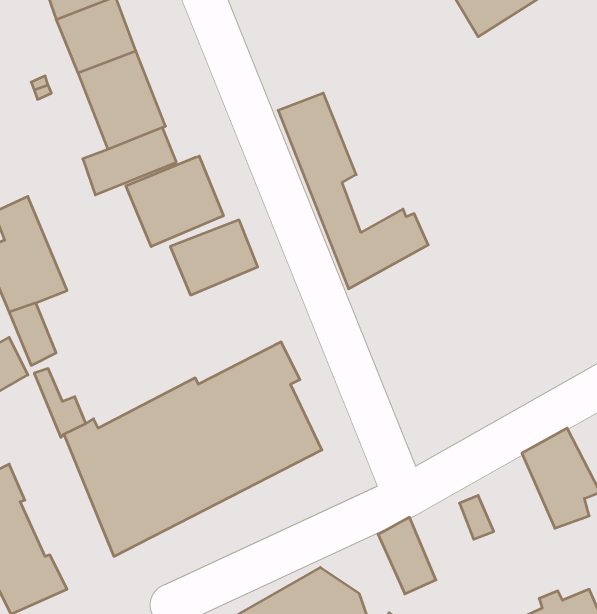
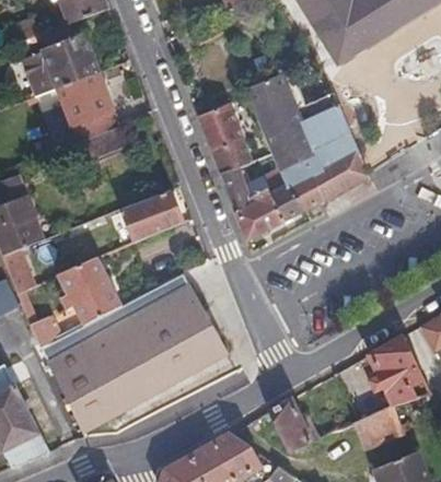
building: none -> [246,74,364,210]
building: [126,156,223,247] -> none
building: none -> [63,259,123,322]
building: none -> [347,408,406,449]

